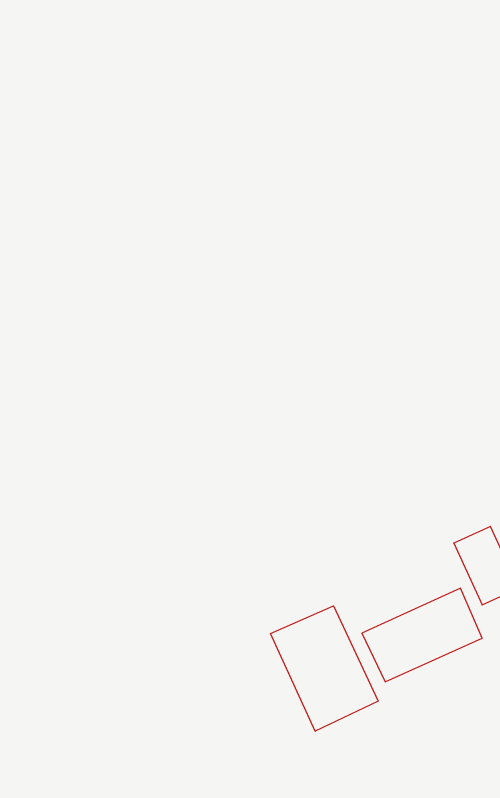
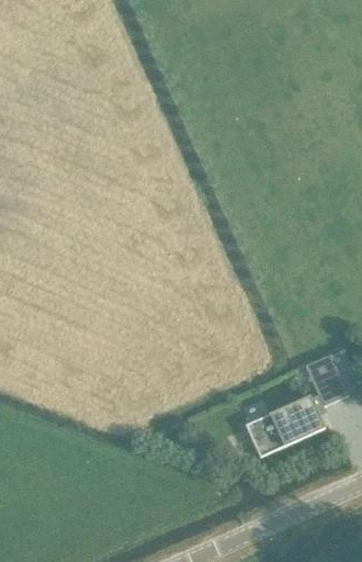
building: [271,606,378,731] -> none

